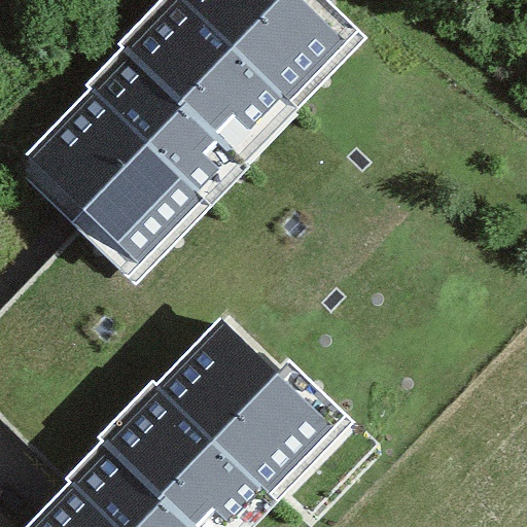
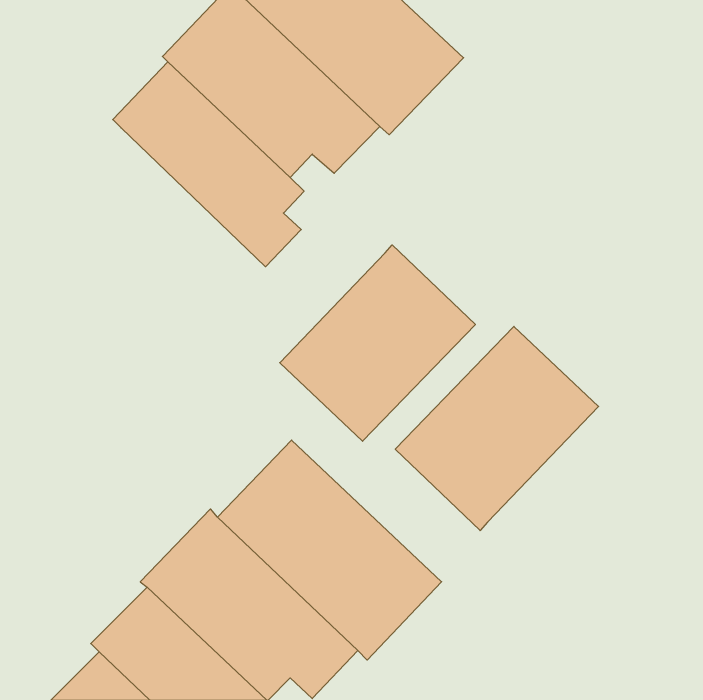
building: [29,96,203,267] -> none
building: none -> [280,245,475,441]
building: none -> [395,326,599,531]

